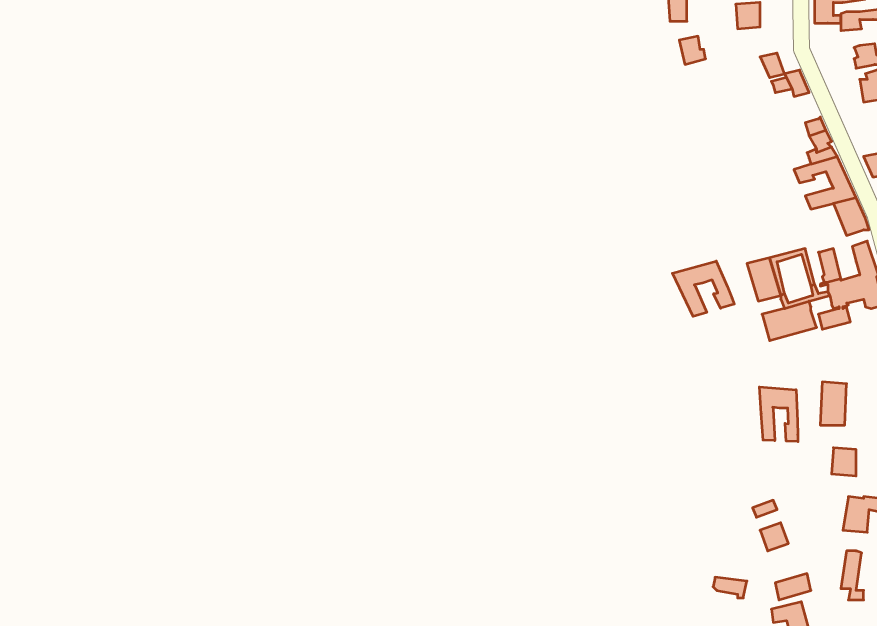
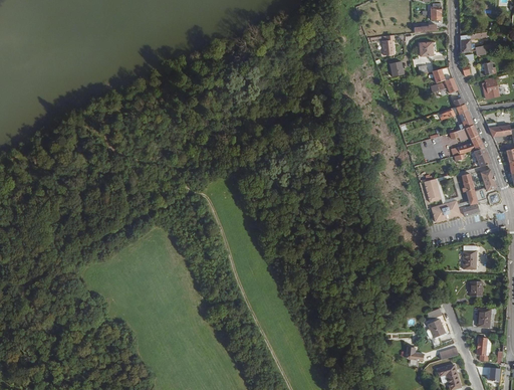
building: [672,261,734,316] -> none
building: [759,387,798,442] -> none

